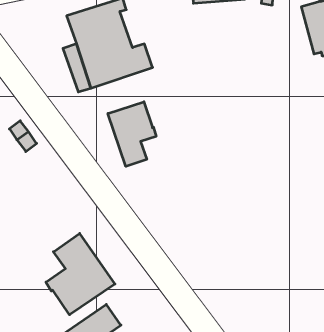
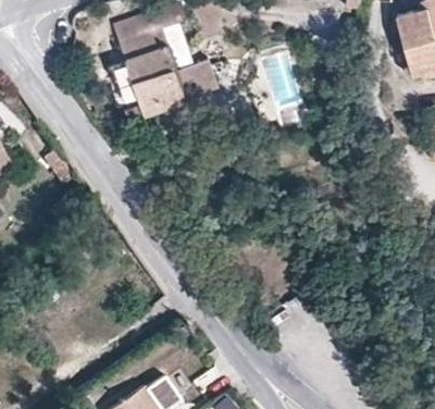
building: [108,102,156,166] -> none
building: [46,233,115,315] -> none

